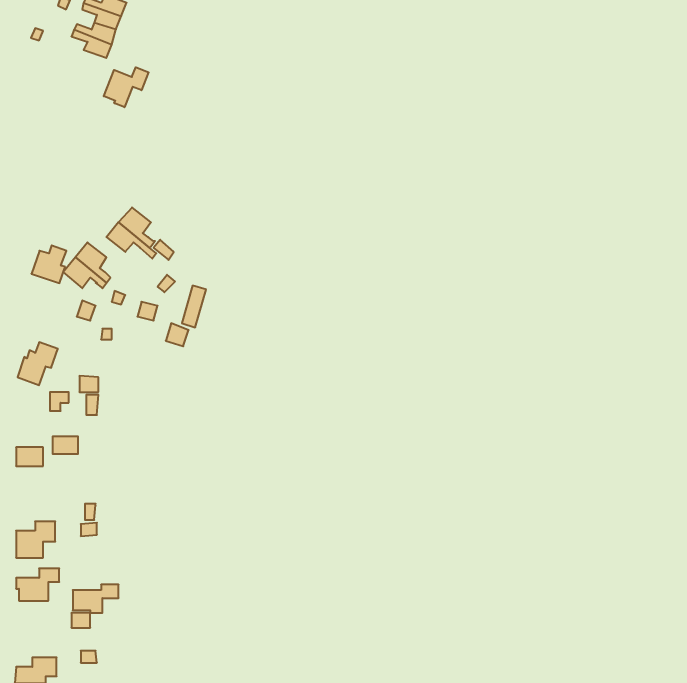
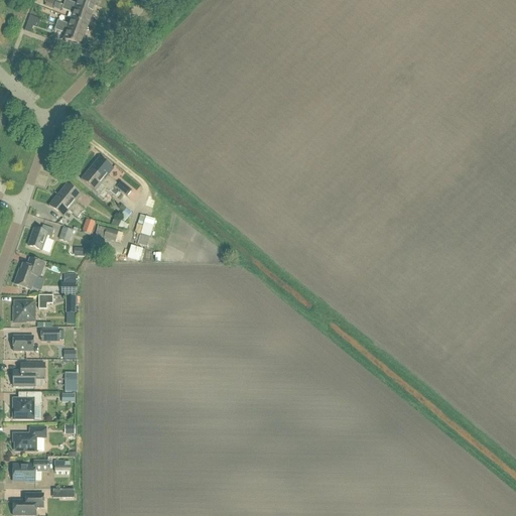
building: [104,67,149,107] -> none
building: [31,245,66,283] -> [27,223,53,251]
building: none -> [12,299,33,320]
building: none -> [12,361,43,385]
building: [73,585,119,613] -> [12,460,46,481]

